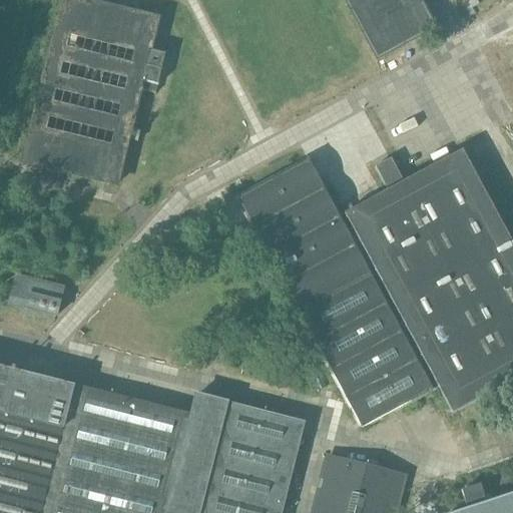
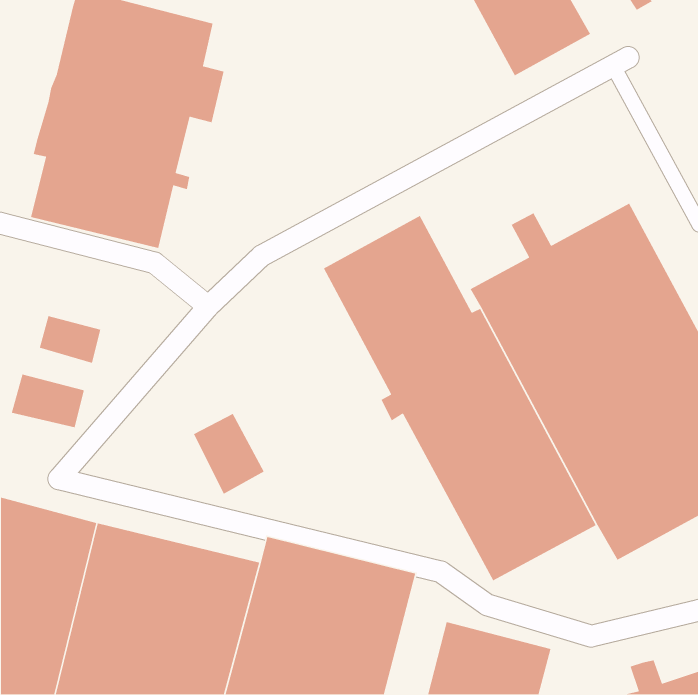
building: none -> [39,315,101,364]
building: none -> [193,413,265,495]

